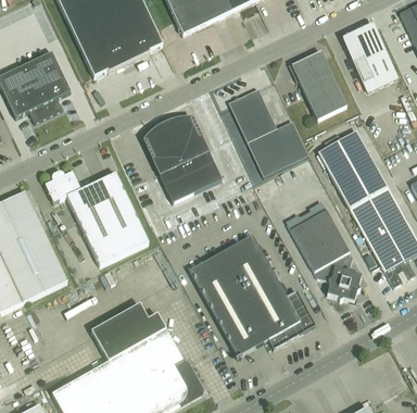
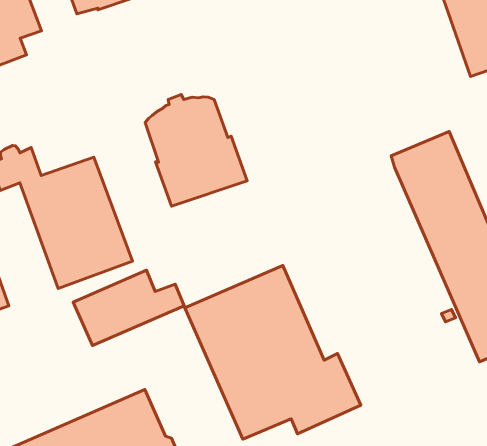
building: [291,50,346,117] -> none
building: [228,87,307,175] -> none
building: [290,209,361,300] -> none
building: [89,304,165,360] -> [73,270,184,346]

